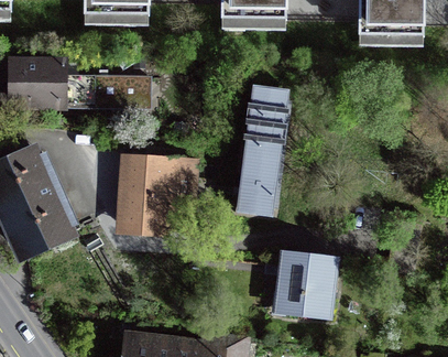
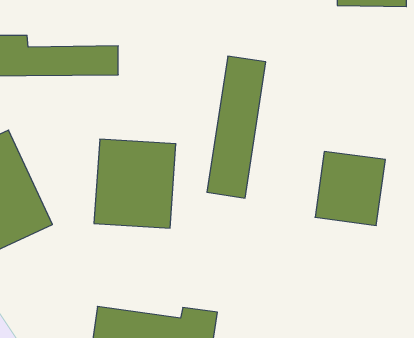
building: [281,261,348,332] -> [315,152,385,225]

